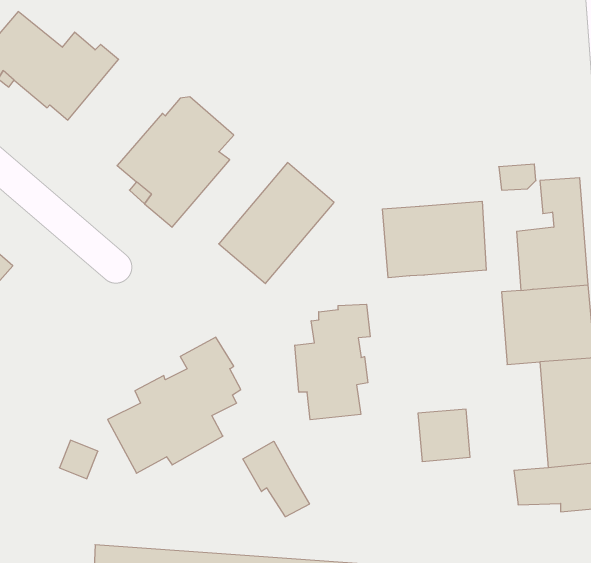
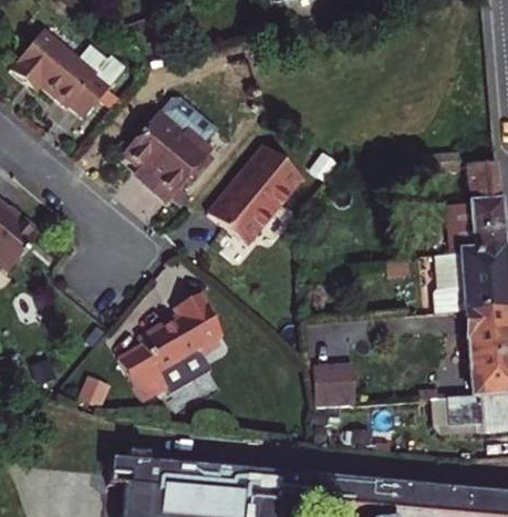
building: [383,201,486,278] -> none
building: [295,304,370,420] -> none
building: [418,409,470,461] -> [318,366,360,409]
building: [243,441,309,517] -> none

